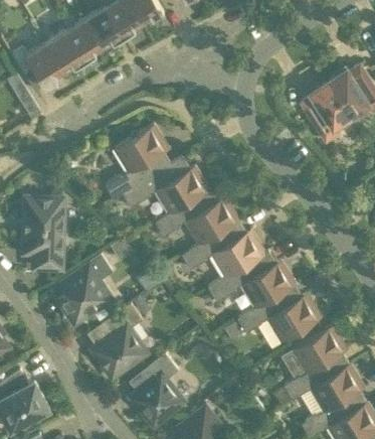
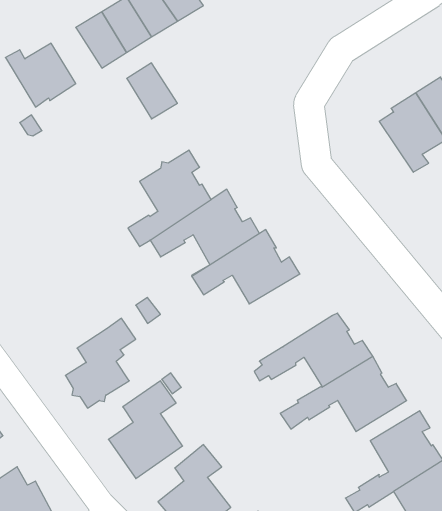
building: [46,30,85,74] -> [127,63,177,119]
building: [24,196,62,268] -> none
building: [181,221,263,277] -> none

